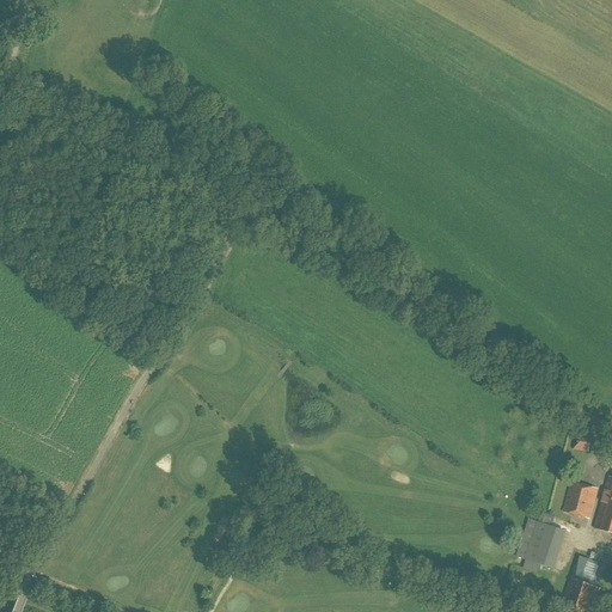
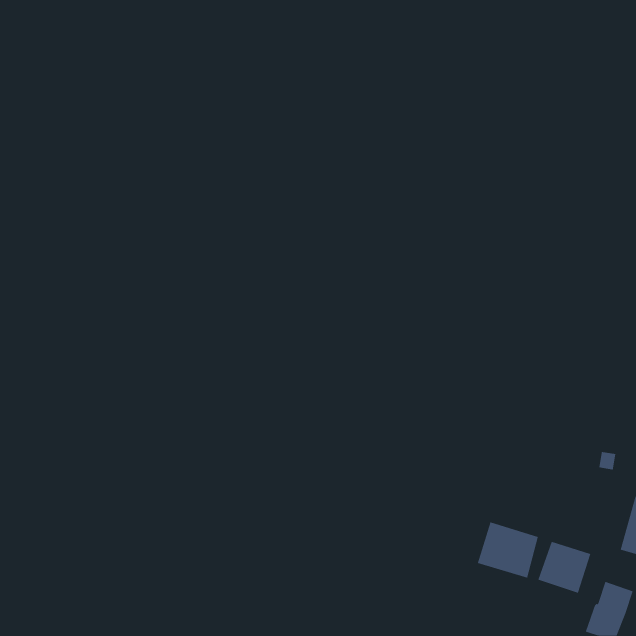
building: [563,481,599,519] -> none
building: none -> [477,521,539,578]

